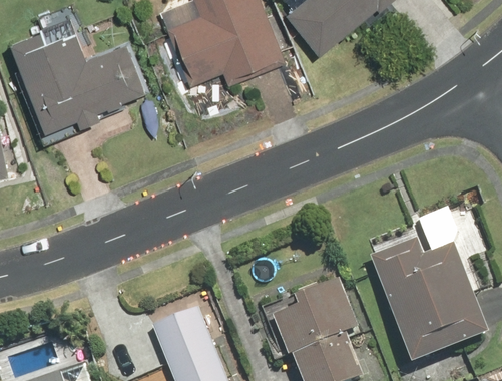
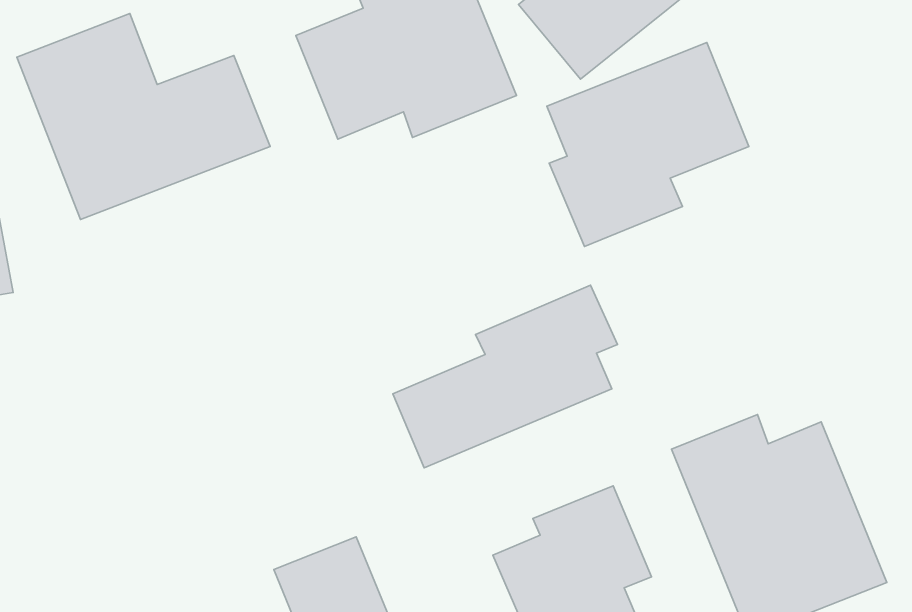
building: none -> [547,43,749,247]
building: none -> [393,285,618,468]

